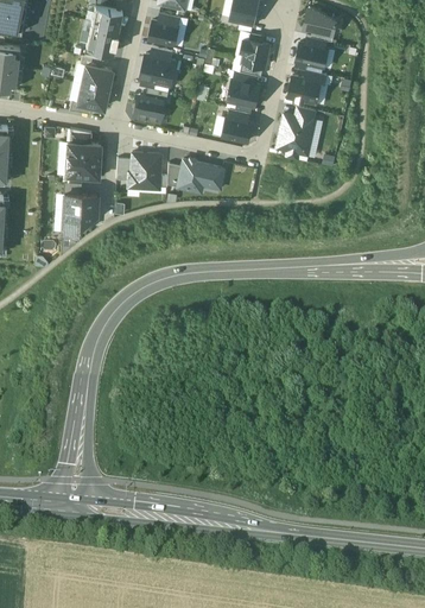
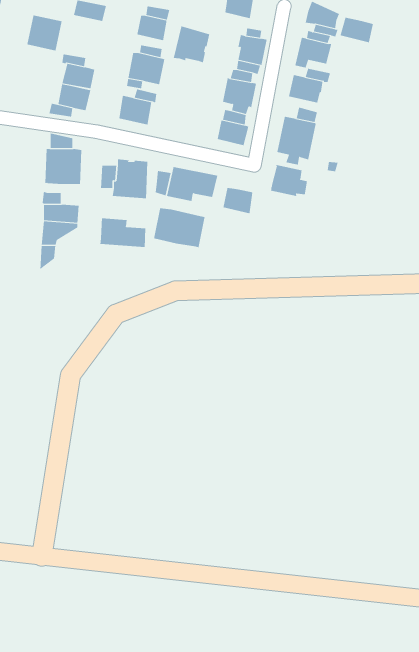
building: [85,21,119,55] -> [26,15,63,51]
building: none -> [340,17,373,43]
building: none -> [173,25,210,63]
building: none -> [270,164,308,197]
building: none -> [223,187,253,214]
building: none -> [154,207,205,248]
building: none -> [100,218,146,248]

